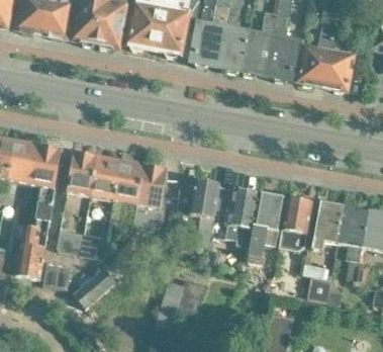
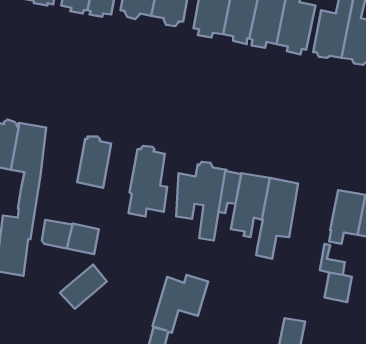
building: [67,153,95,196] -> none
building: [111,161,141,205] -> none
building: [279,197,312,251] -> none
building: [43,264,71,289] -> none

